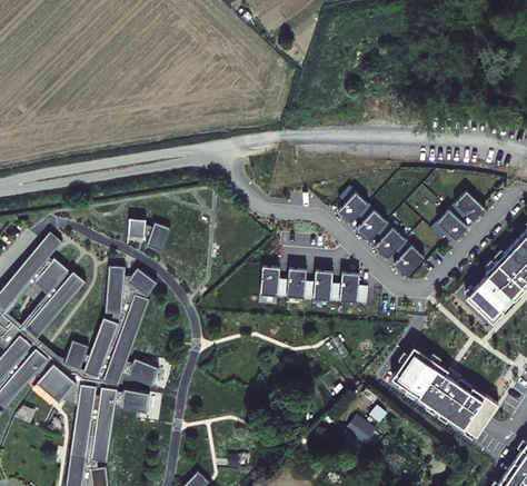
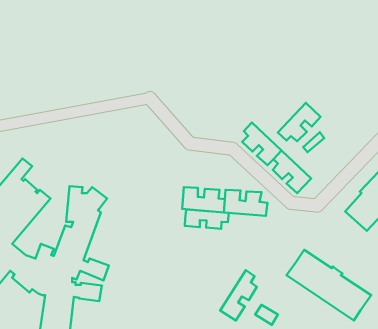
building: [428,190,483,239] -> [278,103,321,141]
building: [129,220,172,251] -> none
building: none -> [185,209,229,229]
building: none -> [220,270,257,321]

